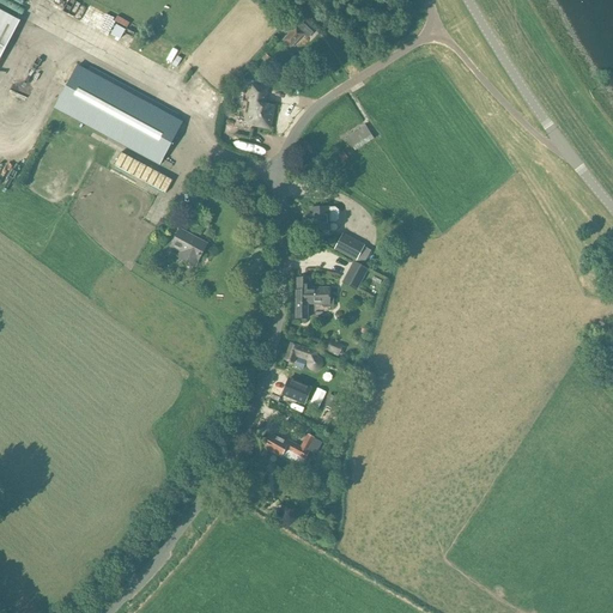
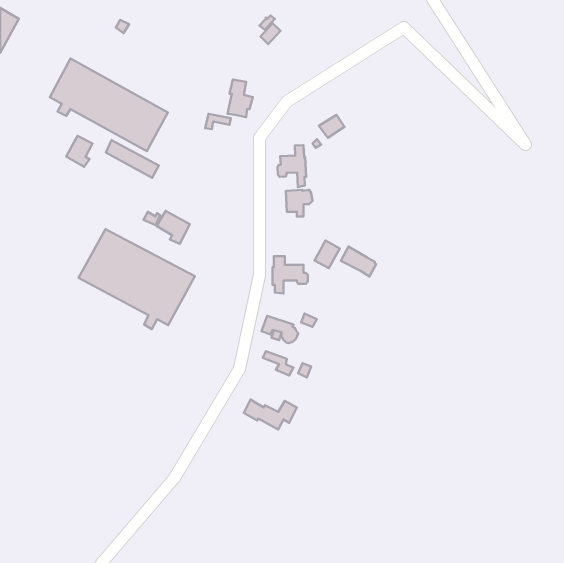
building: none -> [66,136,92,167]
building: none -> [277,145,306,187]
building: [334,233,372,266] -> [341,247,376,276]
building: none -> [79,229,195,329]

